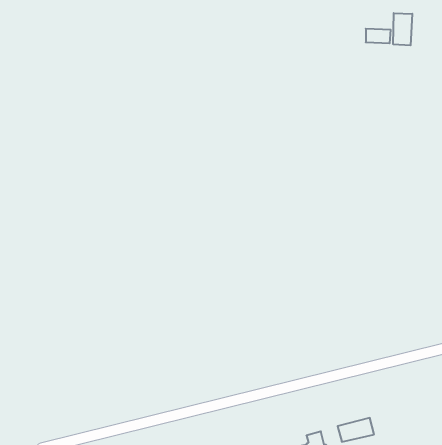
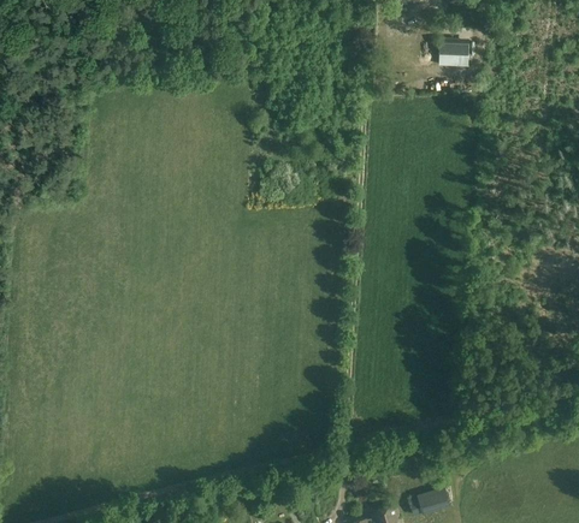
building: [393,13,412,45] -> none

